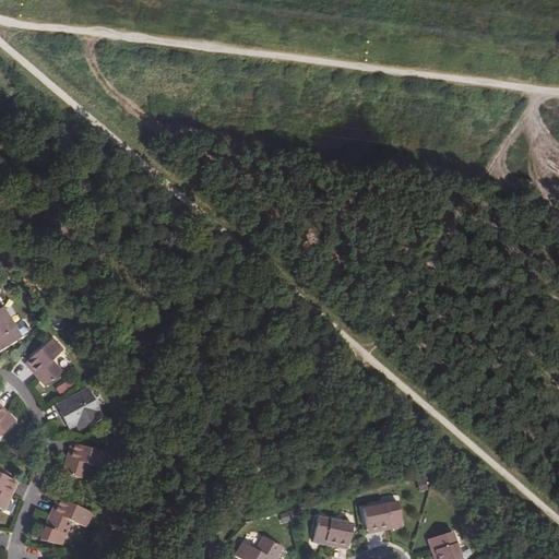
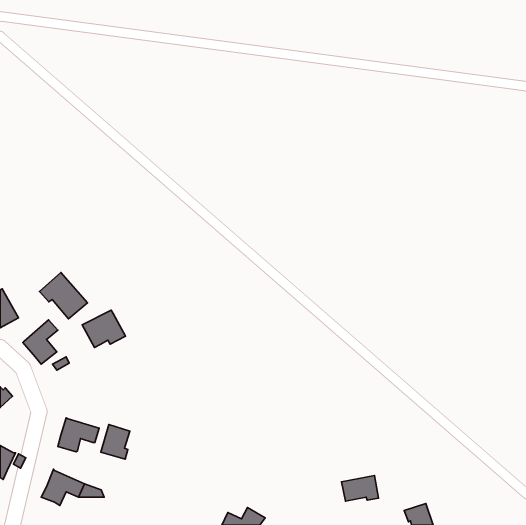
building: none -> [40,273,87,319]
building: [56,389,102,428] -> [82,310,126,347]
building: none -> [101,425,130,459]
building: [313,519,353,546] -> none

